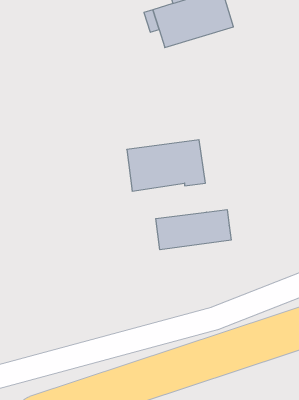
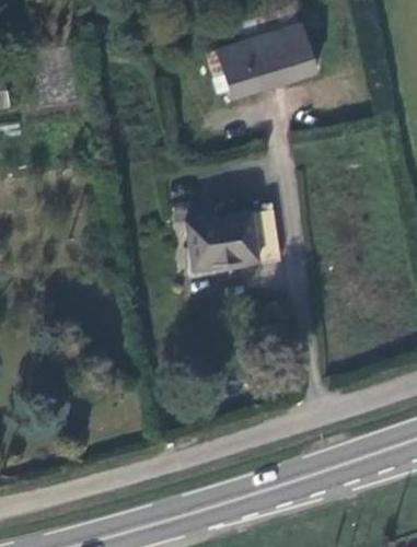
building: [156,210,231,250] -> none

